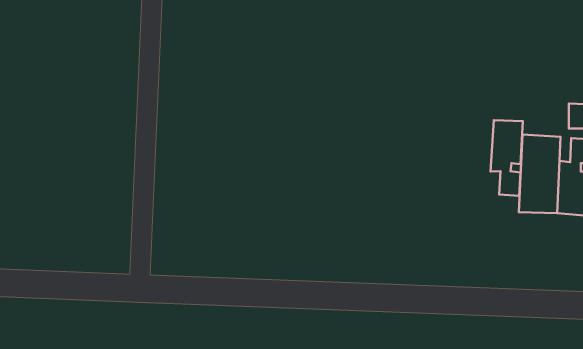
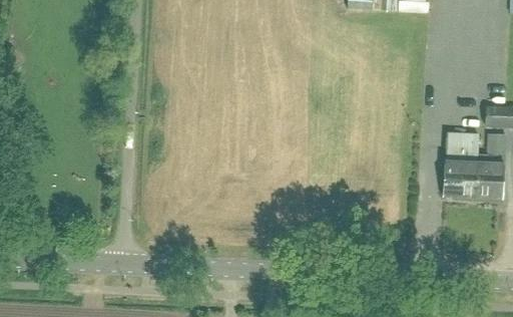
building: [490,120,523,196] -> none

